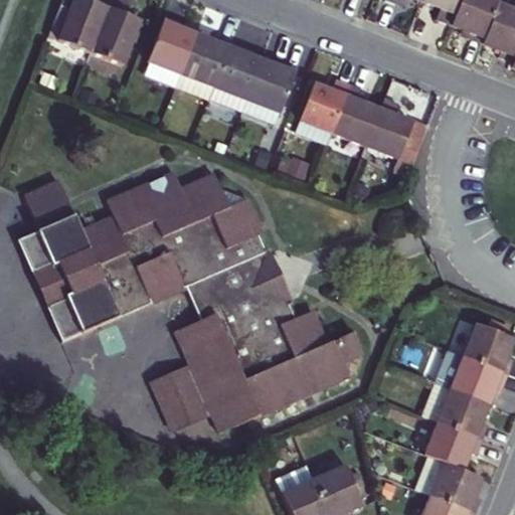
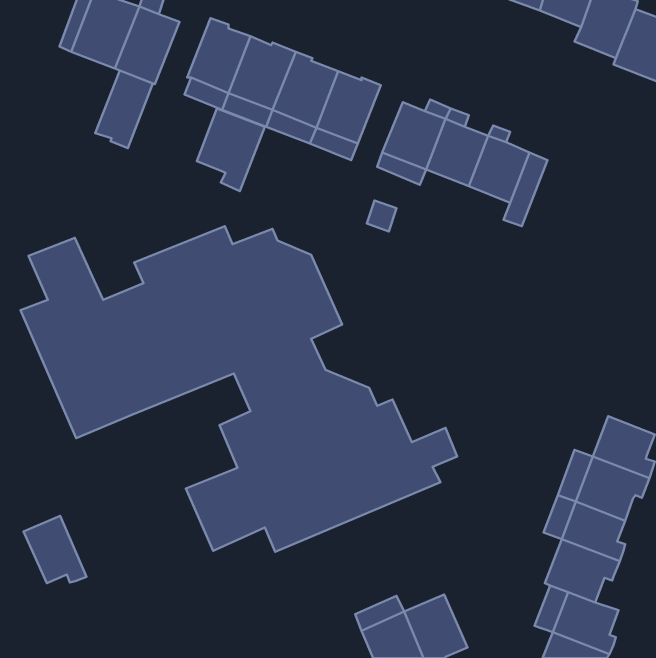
building: none -> [95,70,153,148]
building: none -> [197,108,265,191]
building: [245,252,291,302] -> none
building: none -> [24,516,86,583]

